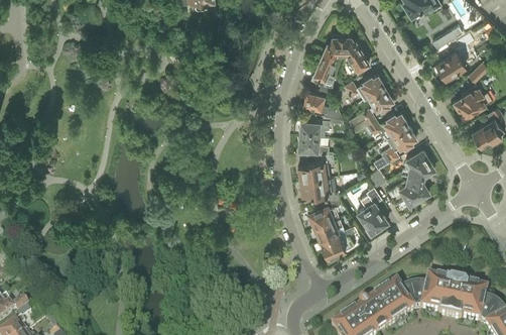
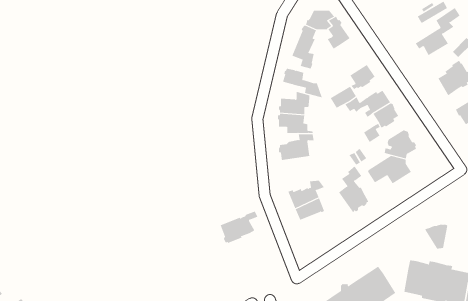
building: [344,73,385,99] -> none
building: [300,176,339,201] -> none
building: [320,224,357,256] -> [220,211,258,244]
building: [401,285,424,309] -> [424,224,448,249]

